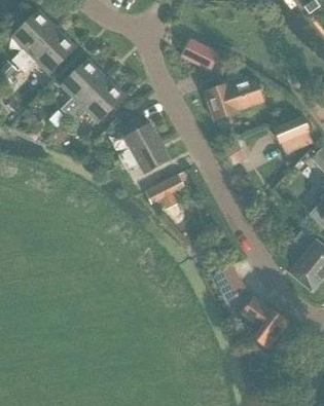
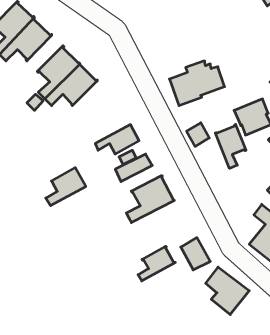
building: [181,38,214,68] -> none
building: [118,122,161,163] -> [46,168,86,206]
building: none -> [215,124,246,168]
building: none -> [126,176,174,223]
building: none -> [138,246,175,281]

